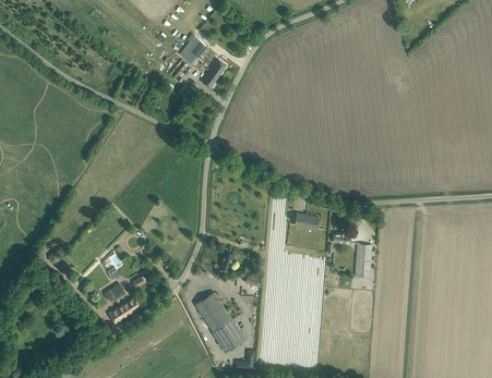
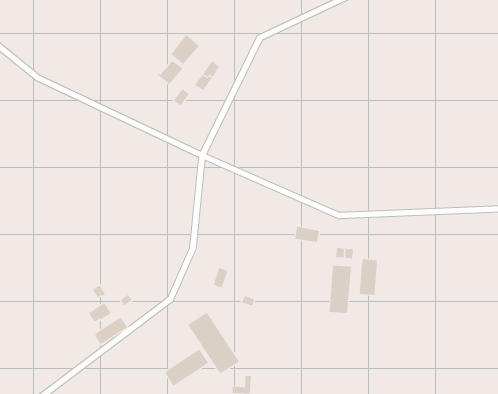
building: none -> [329,265,351,314]
building: none -> [164,348,209,386]

